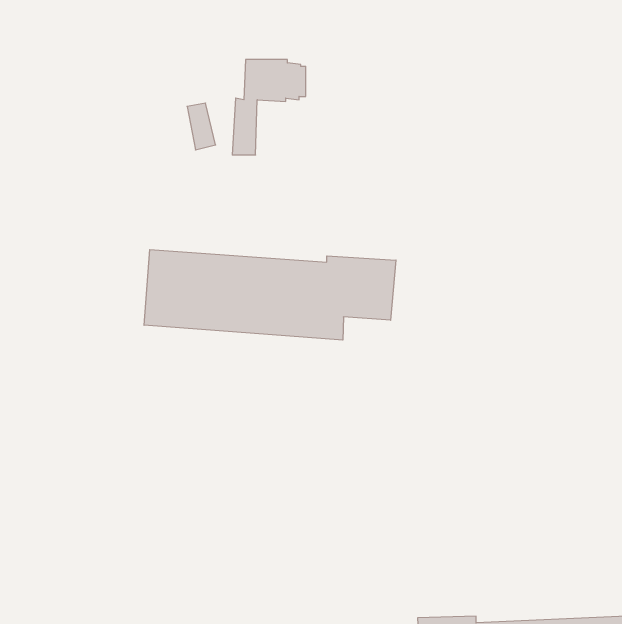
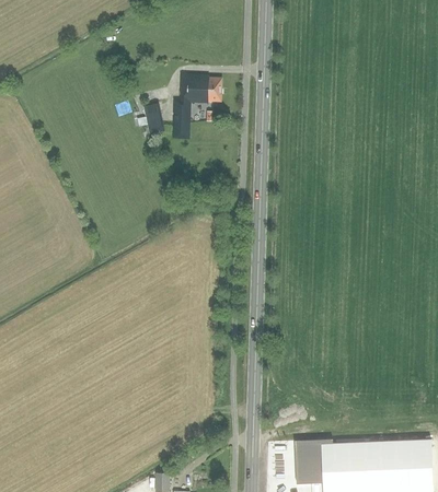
building: [144,250,396,340] -> none

